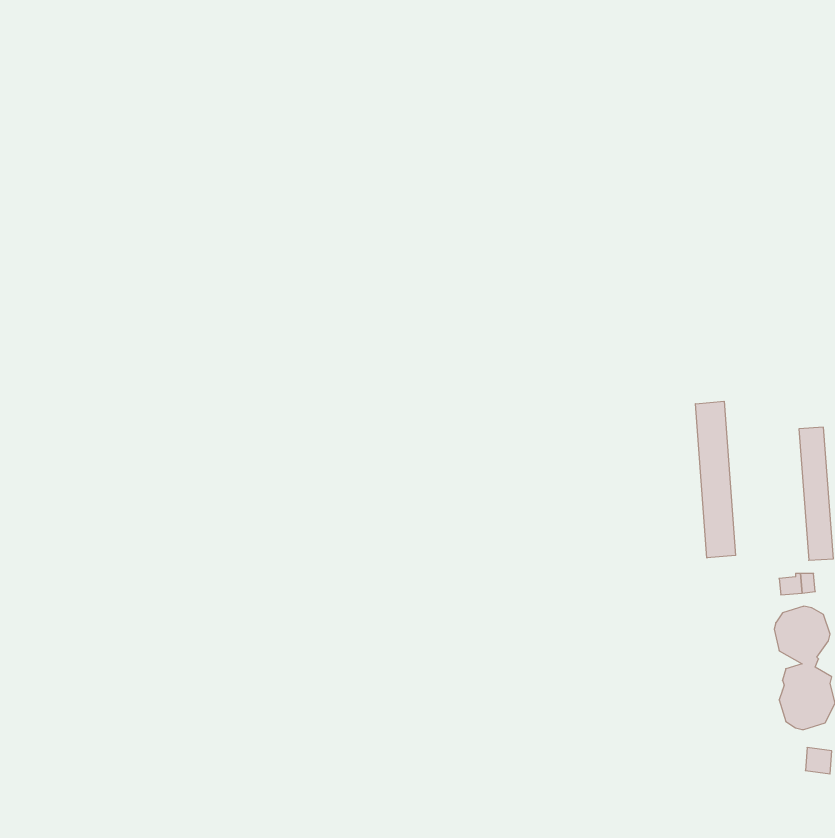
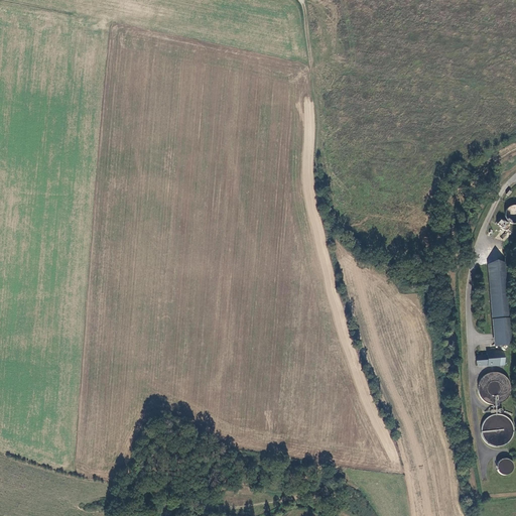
building: [695,401,736,558] -> none

